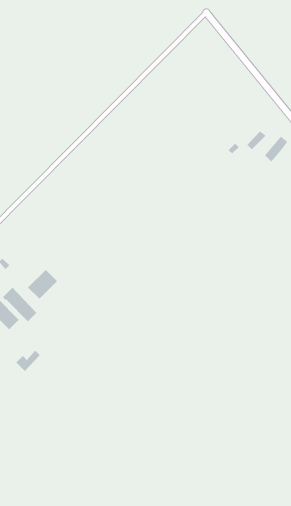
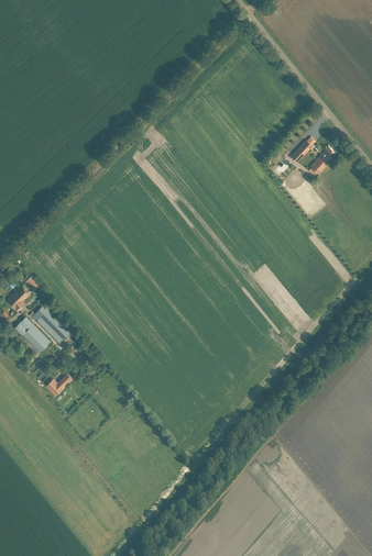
building: [27,269,58,300] -> none

